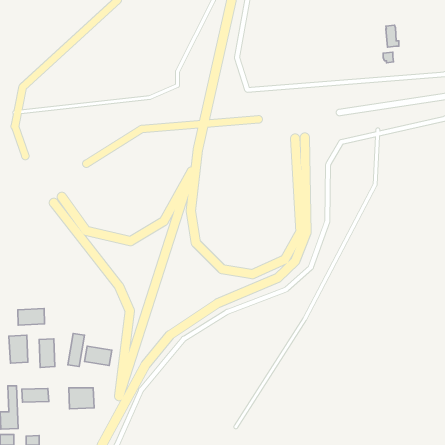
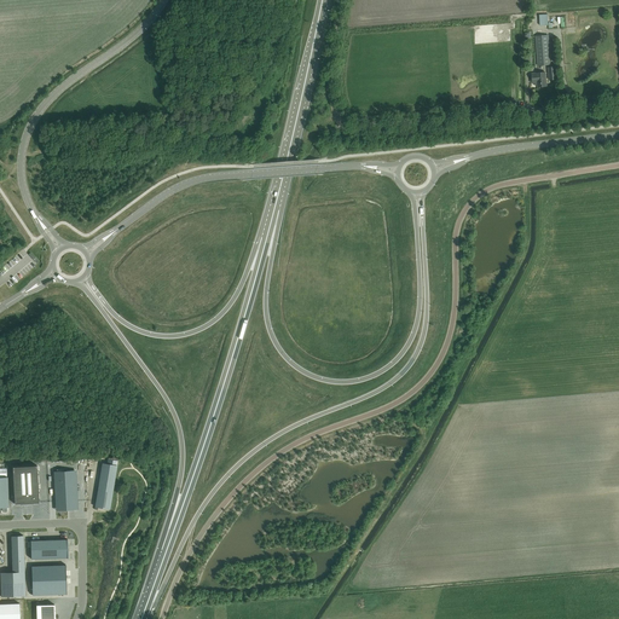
building: [18,309,44,325] -> none
building: [84,346,112,366] -> none
building: [69,388,94,409] -> [31,566,66,595]

